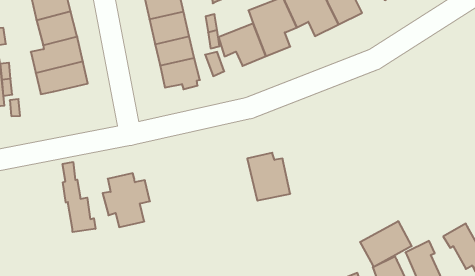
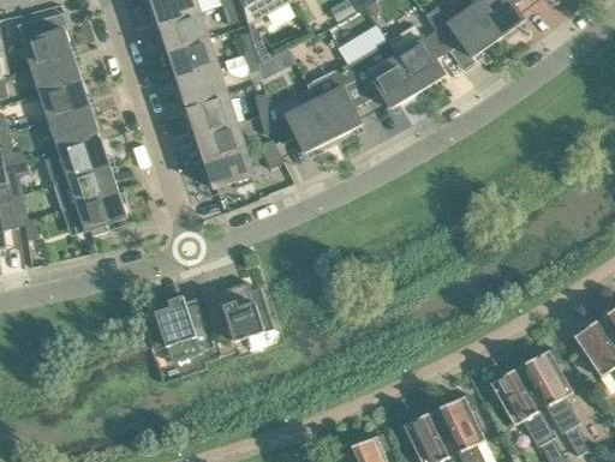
building: none -> [76,191,125,235]
building: [247,153,290,201] -> [216,281,273,341]
building: [63,162,95,232] -> none
building: [360,221,412,267] -> none

